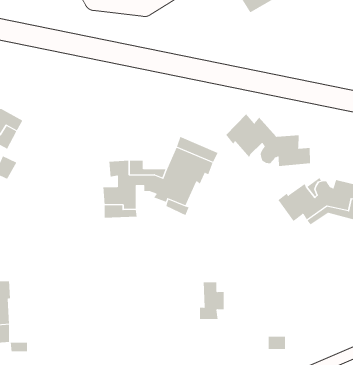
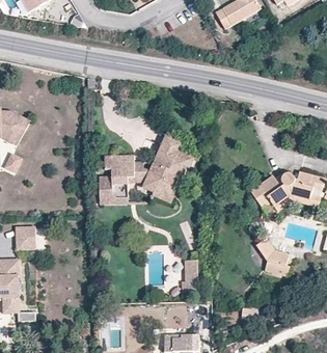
building: [225,113,310,167] -> none
building: none -> [16,226,35,249]
building: none -> [255,238,289,275]

